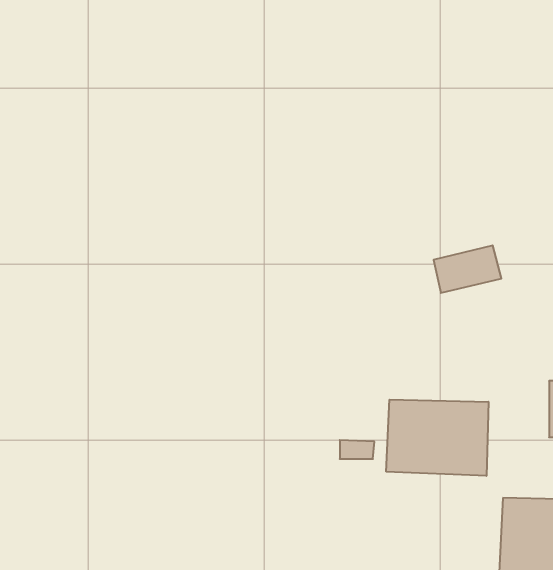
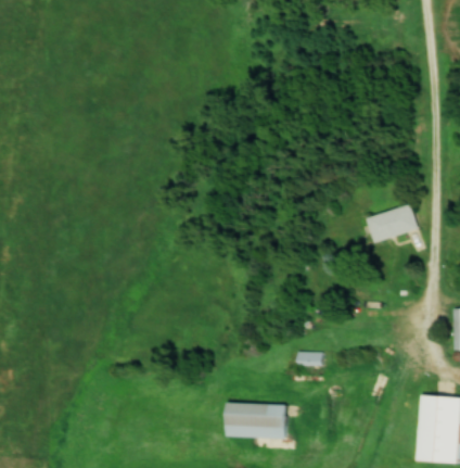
building: [386,400,488,476] -> none
building: none -> [223,404,286,438]

